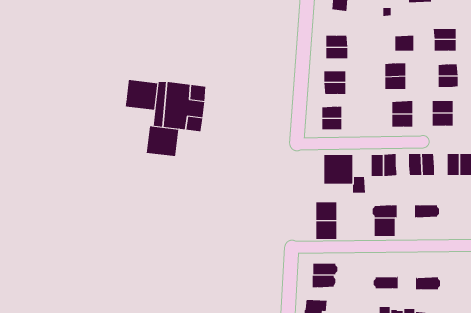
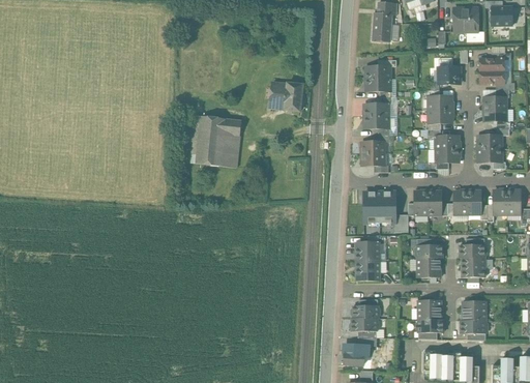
building: none -> [269,82,303,111]
building: [125,79,158,110] -> none
building: [146,126,179,157] -> none
building: none -> [462,257,484,276]
building: none -> [412,300,441,320]
building: none -> [463,301,485,321]

